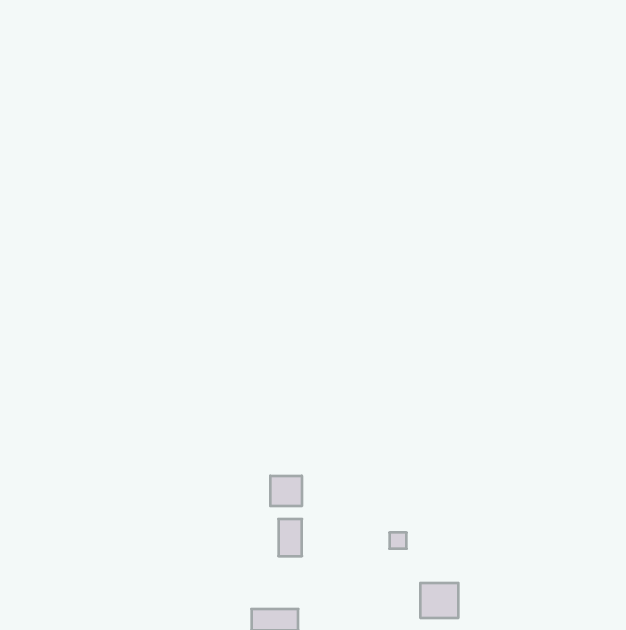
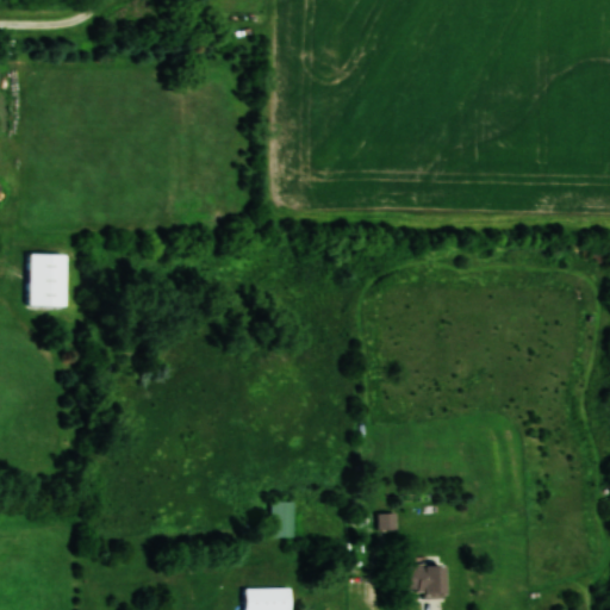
building: none -> [31,254,67,307]
building: [270,476,302,506] -> none

